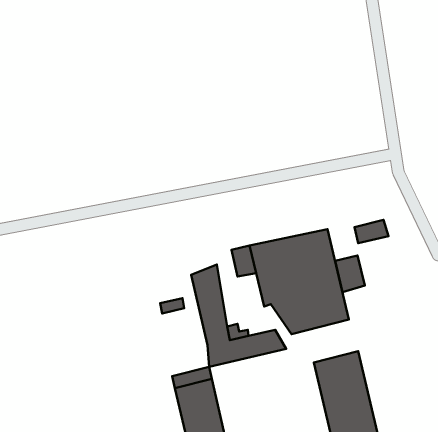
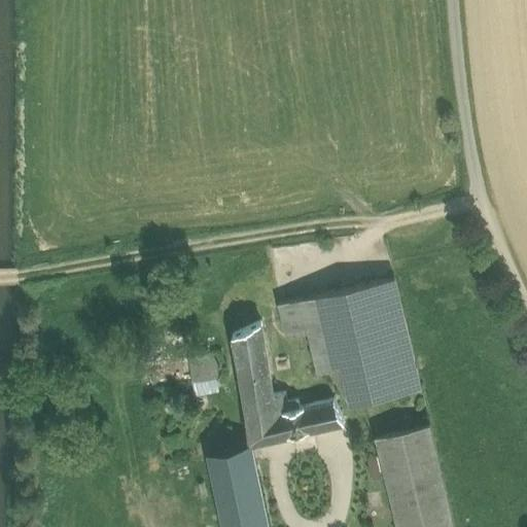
building: [354,220,389,243] -> none
building: [335,256,365,292] -> none

